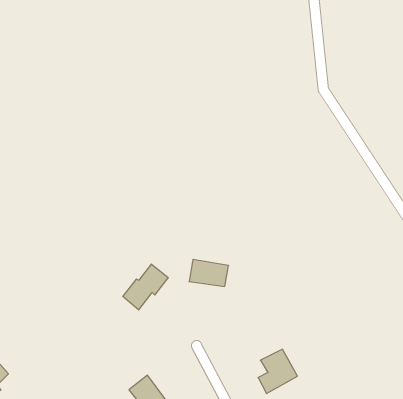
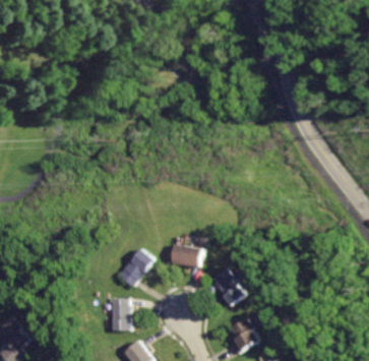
building: none -> [217,267,249,305]
building: none -> [110,298,131,330]

